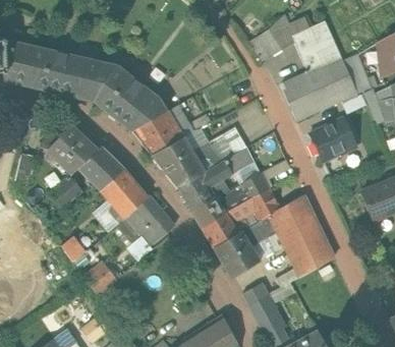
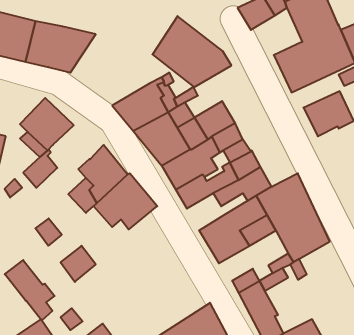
building: [94,65,167,131] -> [152,16,231,87]
building: [77,146,124,190] -> none
building: [202,213,237,247] -> none
building: none -> [5,260,55,320]

